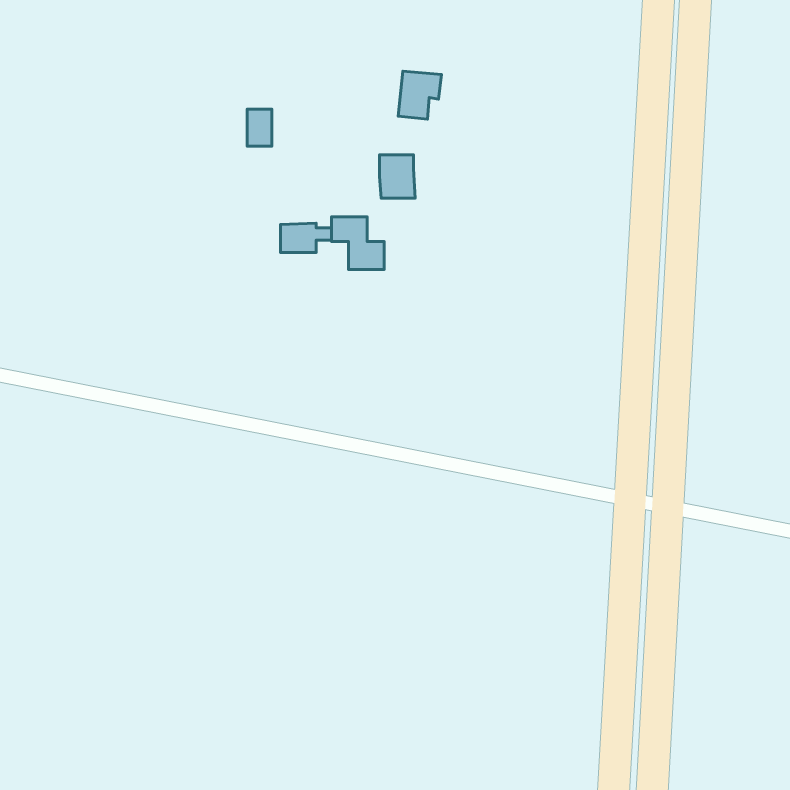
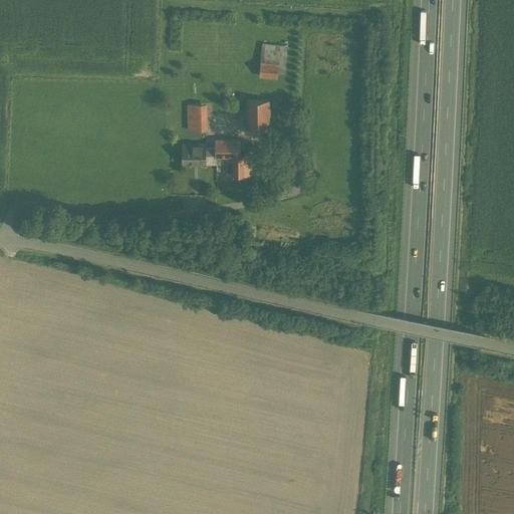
building: [247,109,272,146] -> [190,106,206,131]

